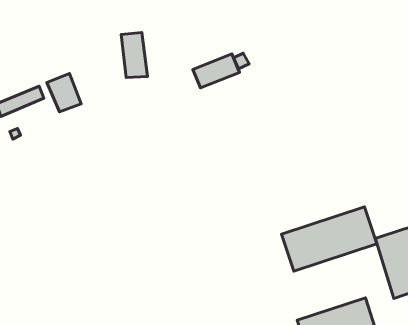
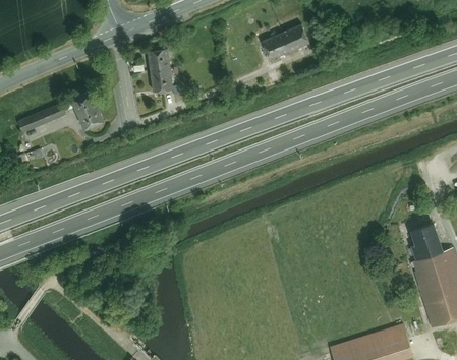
building: [193,54,240,88] -> [262,24,310,60]
building: none -> [407,224,442,261]
building: [281,207,377,271] -> none

